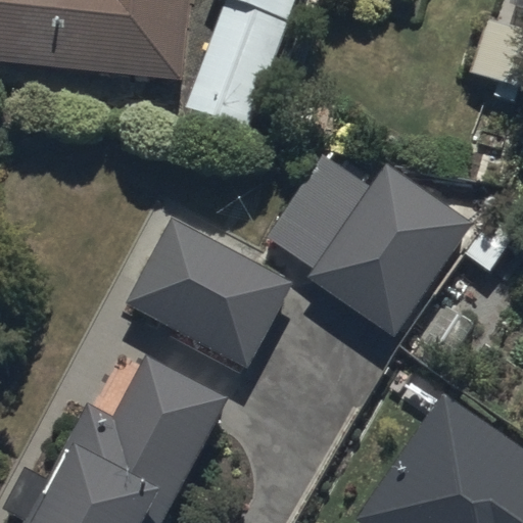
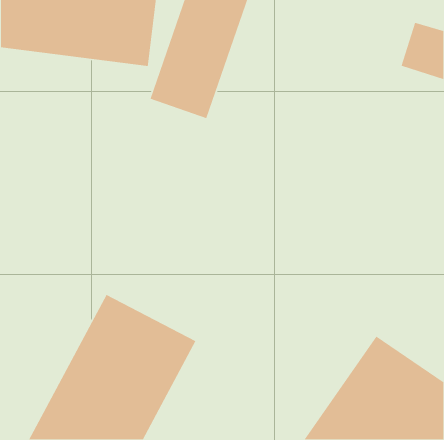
building: [265,155,471,335] -> none
building: [130,225,293,369] -> none

